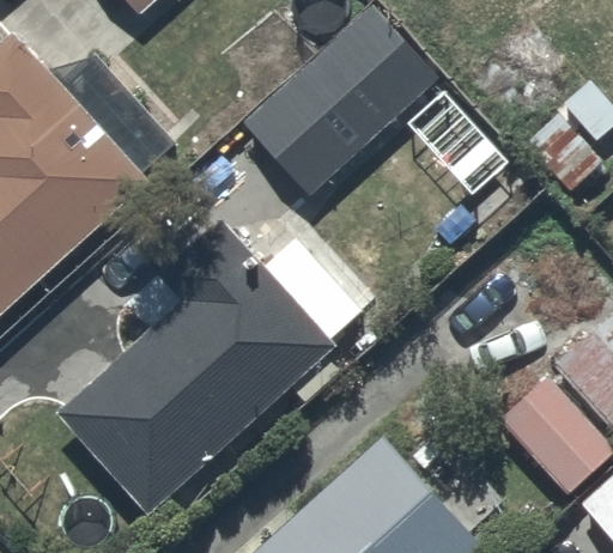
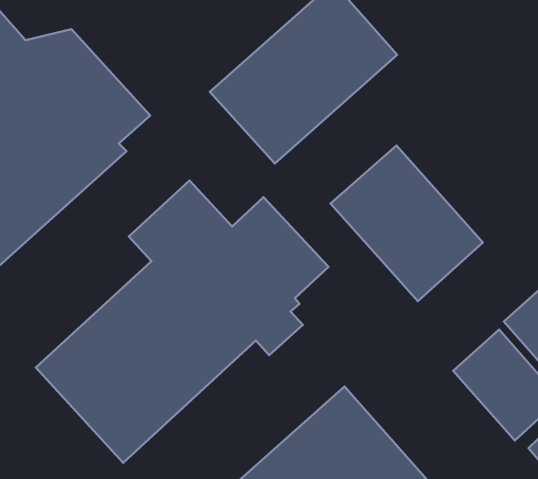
building: none -> [330,146,483,301]

